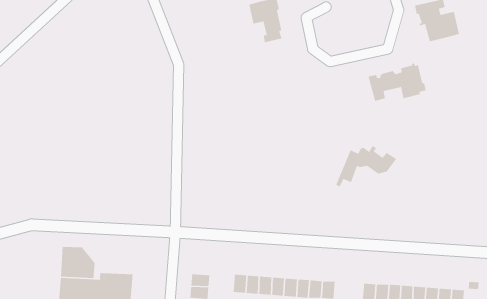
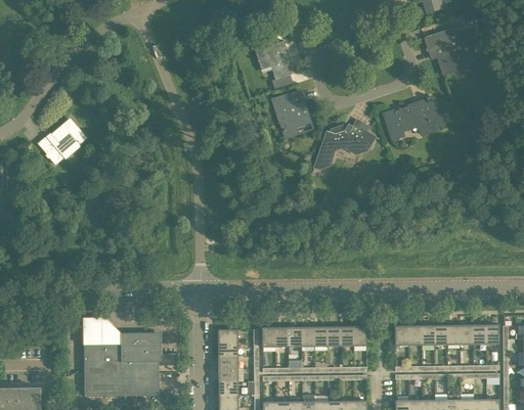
building: none -> [270,92,311,138]
building: none -> [38,121,86,165]
building: [335,145,397,187] -> [313,124,375,170]

